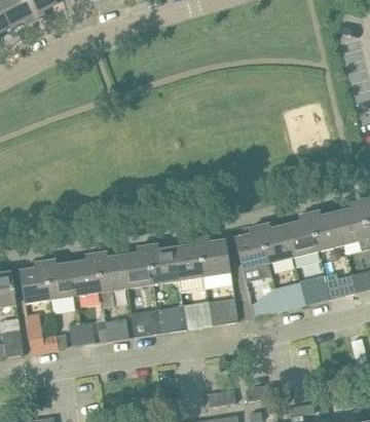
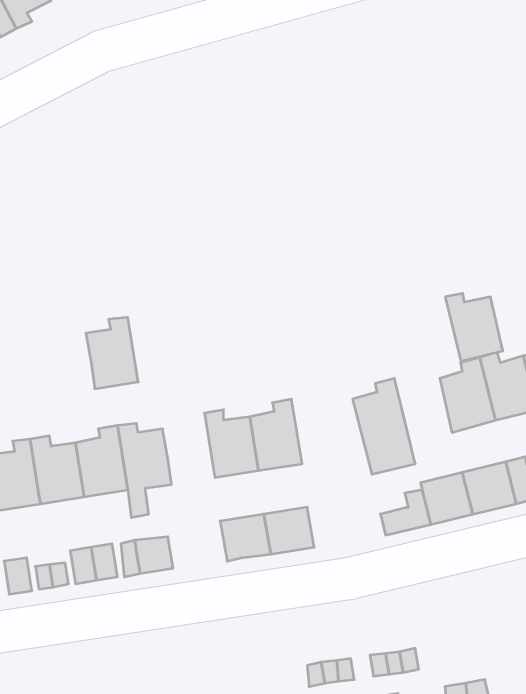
building: [259,223,293,263] -> [445,293,503,361]
building: [198,236,230,275] -> none
building: [122,245,153,287] -> [86,317,138,389]
building: [208,297,237,324] -> none
building: [131,309,160,337] -> none

